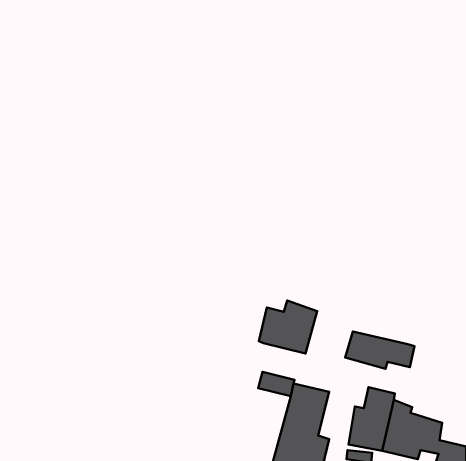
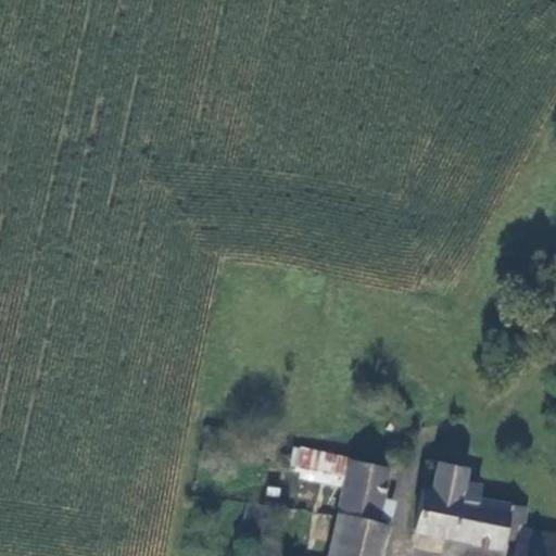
building: [259,301,317,354] -> none
building: [345,331,415,369] -> none

